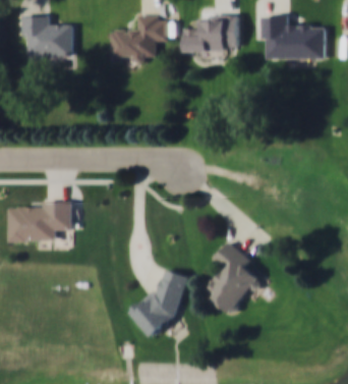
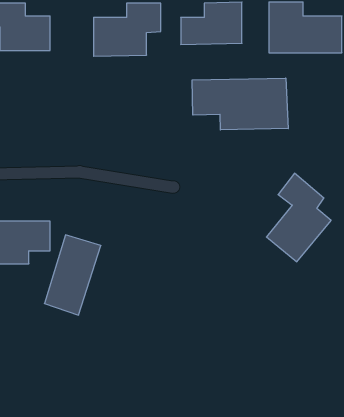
building: none -> [192,78,288,130]
building: [202,240,258,317] -> [266,173,331,262]
building: [137,267,186,336] -> [44,235,101,315]

